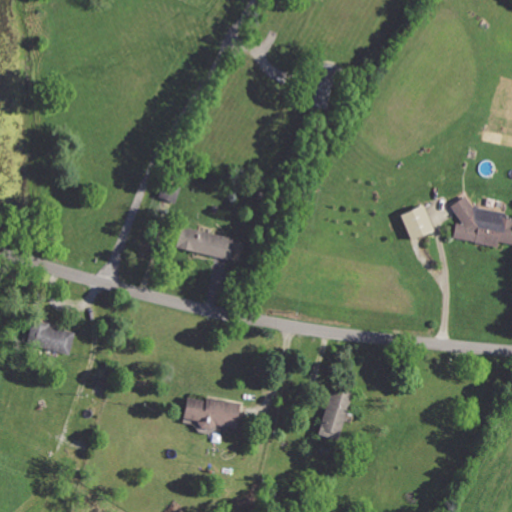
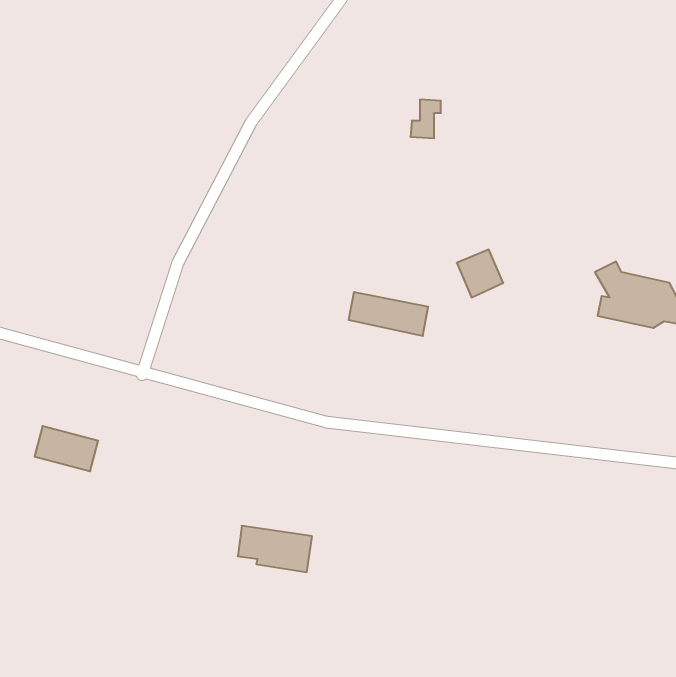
building: [398,205,433,241] -> [457,250,503,297]
building: [175,227,235,260] -> [349,292,428,336]
building: [319,391,351,436] -> none

